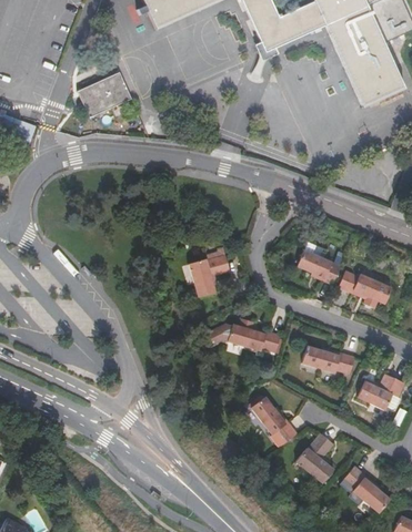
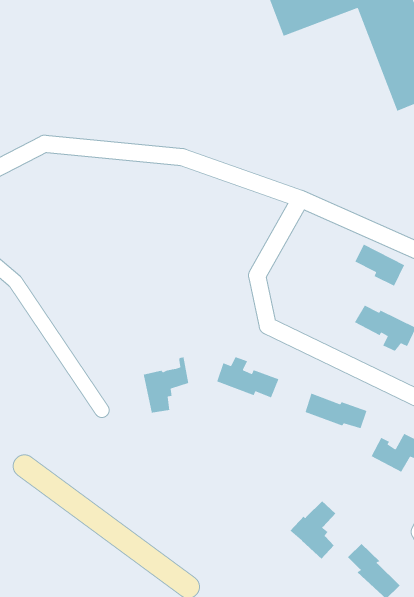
building: [78,71,132,117] -> none
building: [189,246,228,295] -> [143,356,189,414]
building: [298,248,340,283] -> [354,244,405,287]
building: [251,396,297,443] -> none

